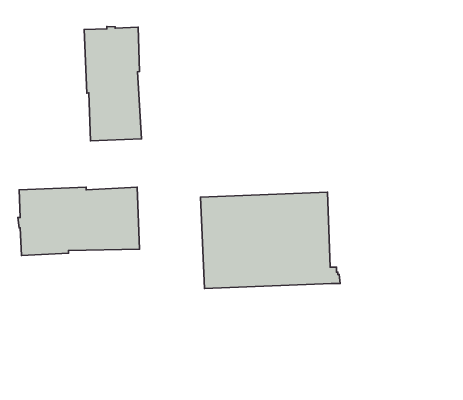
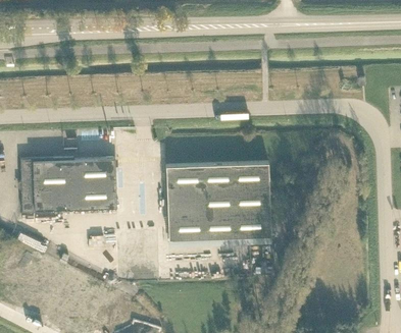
building: [84,26,141,141] -> none

